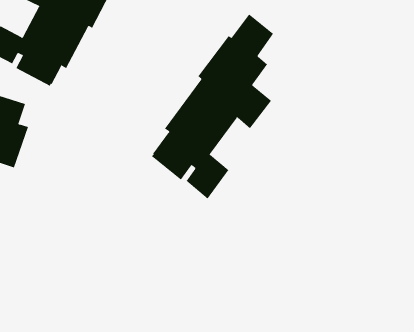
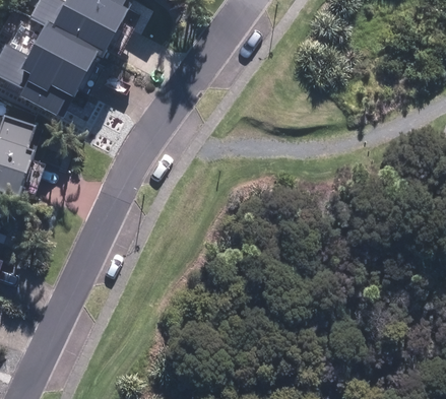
building: [151,13,274,199] -> none

